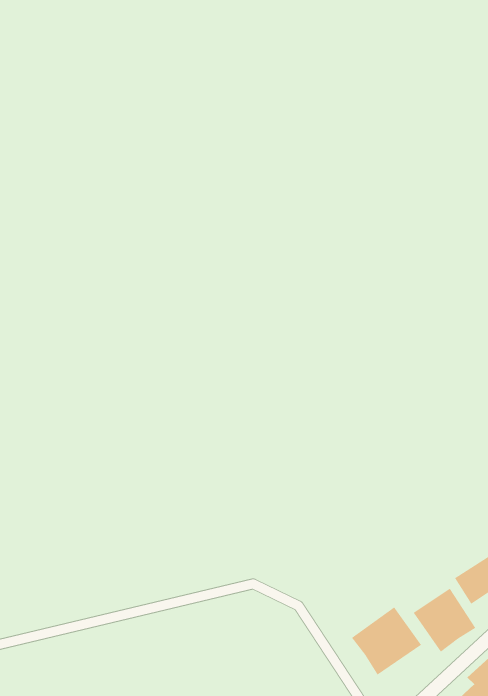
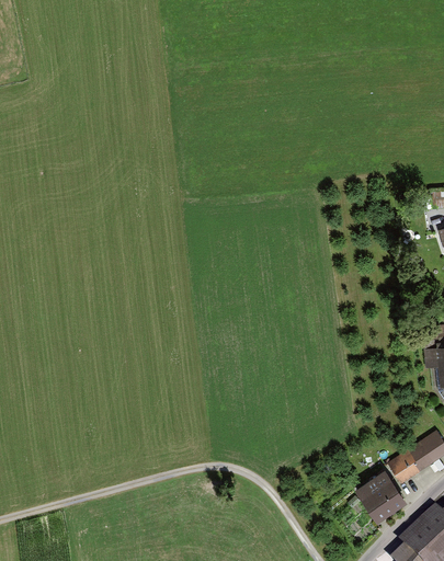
building: [351,606,422,676] -> none

